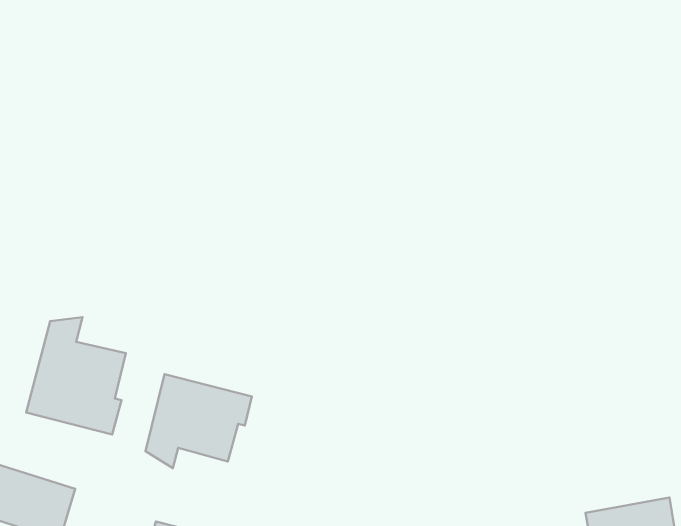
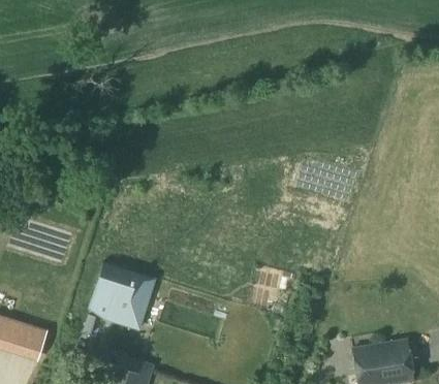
building: [26,317,126,435] -> none

